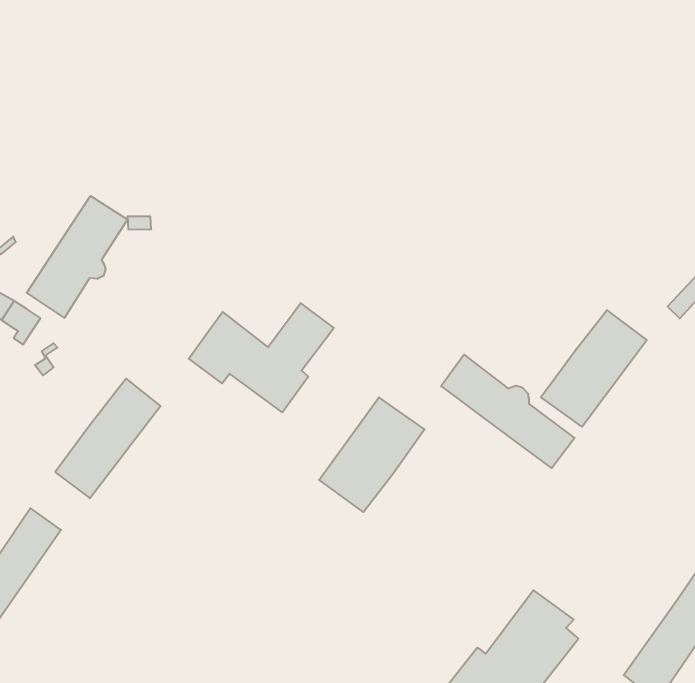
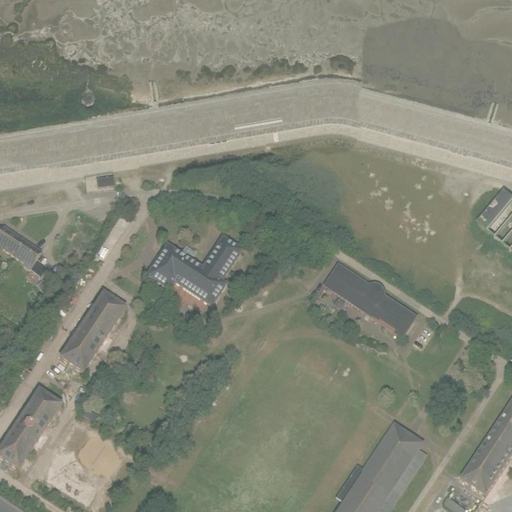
building: [27,196,128,318] -> none
building: [541,310,647,427] -> none
building: [319,397,425,512] -> none

